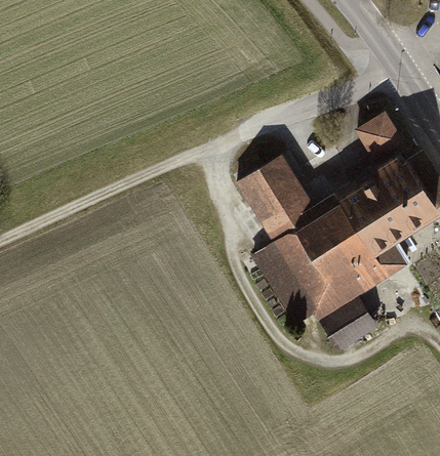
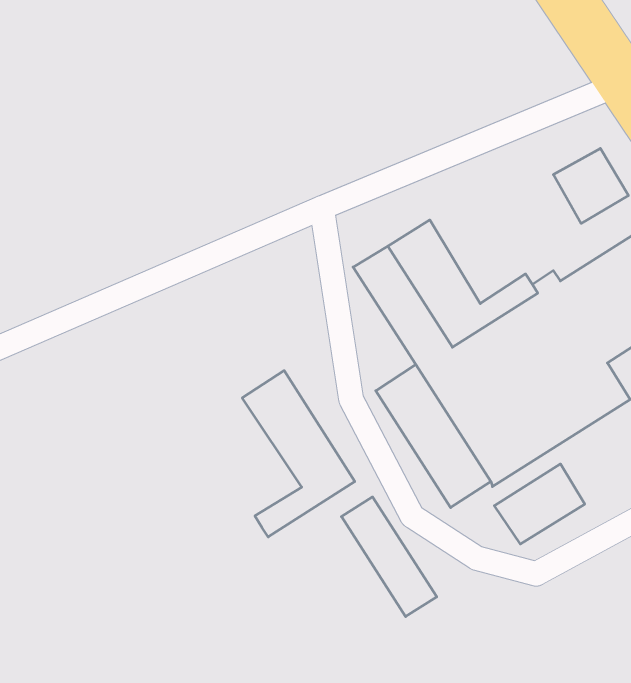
building: none -> [242,371,355,537]
building: none -> [341,497,437,617]

